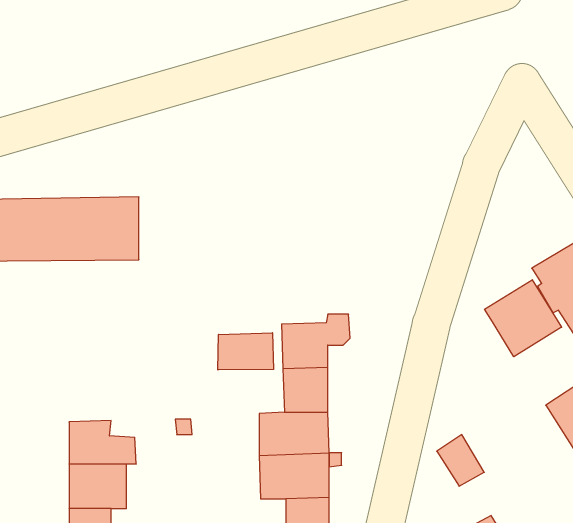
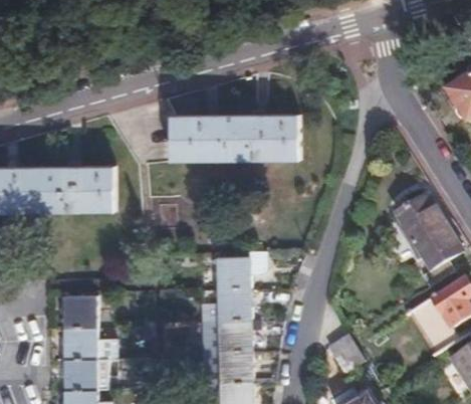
building: none -> [171,116,301,160]
building: [485,280,562,357] -> none
building: [218,333,274,370] -> none
building: none -> [64,296,94,328]

